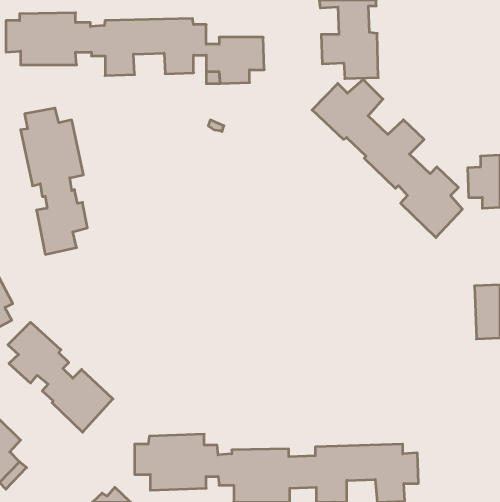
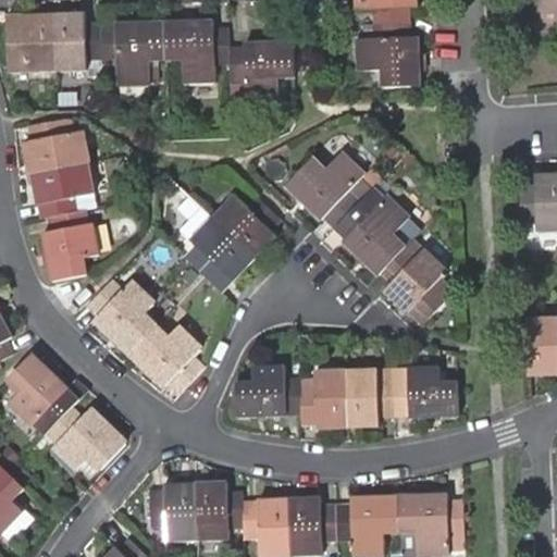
building: [312,79,462,238] -> [284,151,450,326]
building: none -> [188,194,278,287]
building: none -> [86,280,203,395]
building: none -> [235,366,459,428]

